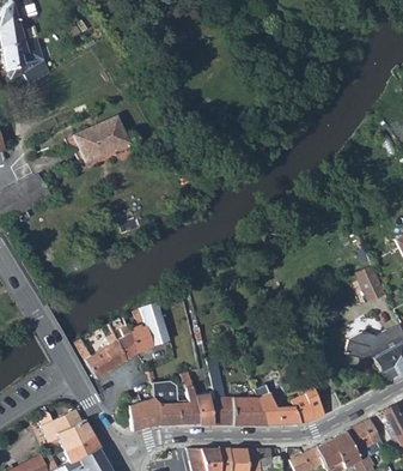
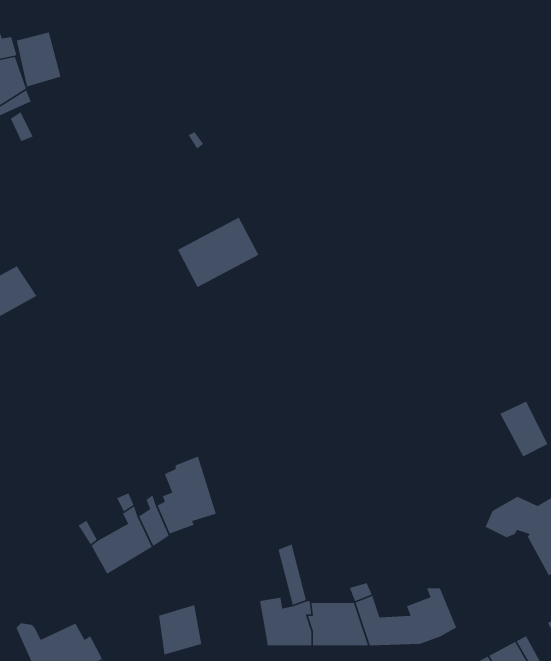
building: none -> [16,31,61,87]
building: [74,109,128,156] -> [177,217,259,288]
building: [152,372,201,423] -> none

